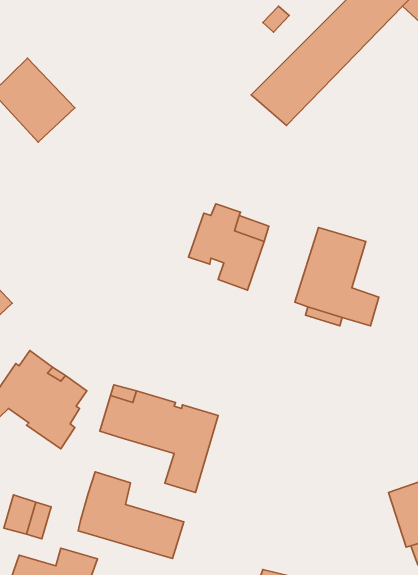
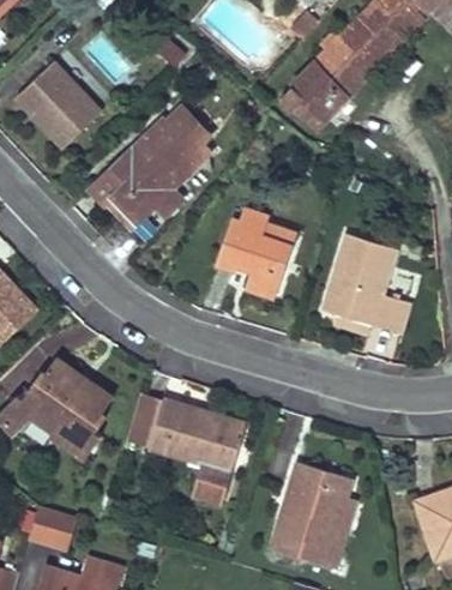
building: none -> [90,107,211,243]
building: none -> [271,462,352,565]
building: [78,472,184,558] -> none

